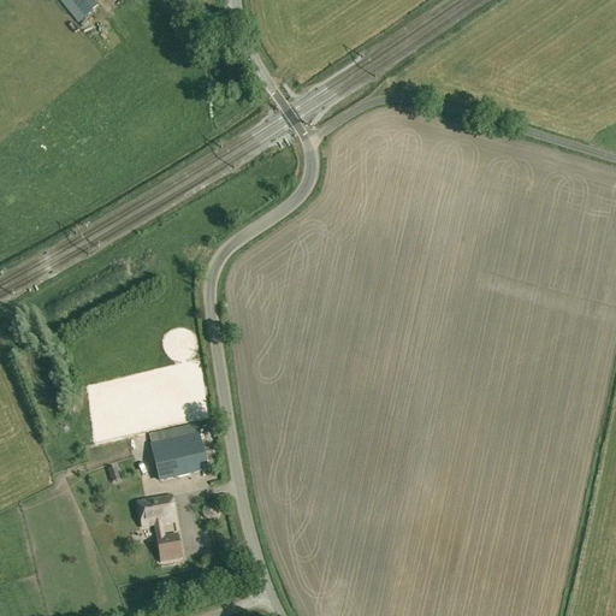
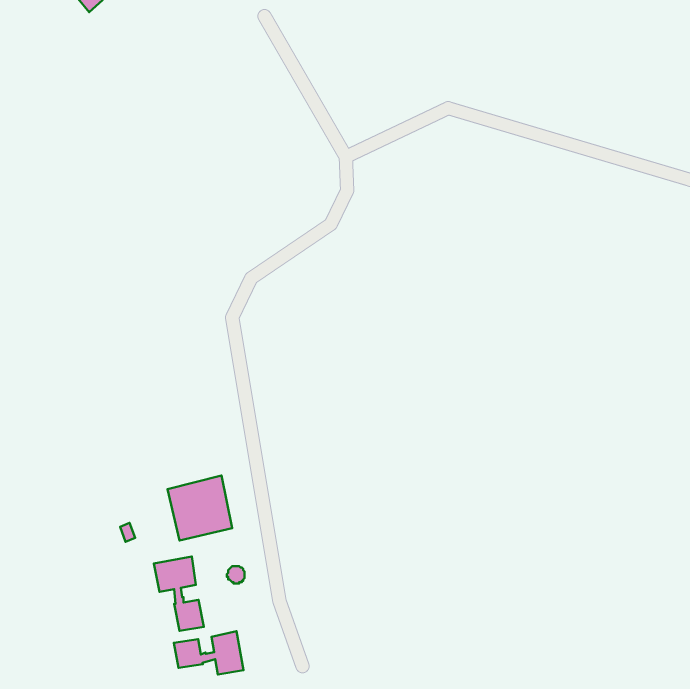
building: none -> [174,631,243,674]

